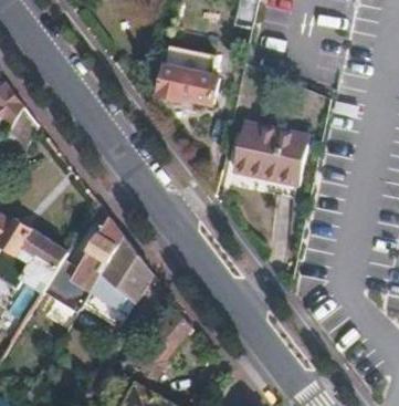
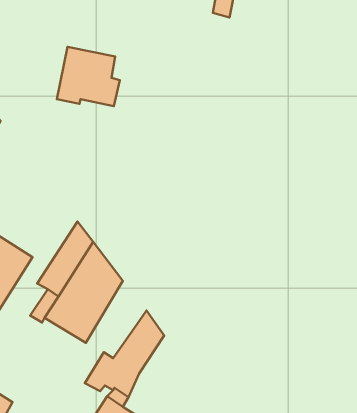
building: [158,46,217,102] -> [57,47,120,106]
building: [234,123,304,184] -> none

